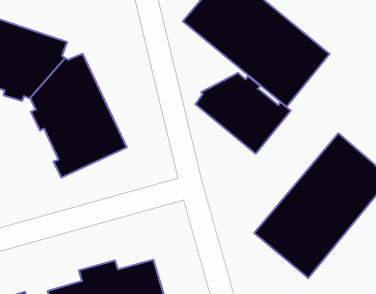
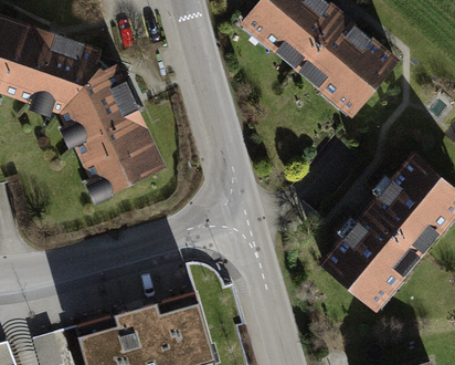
building: [195,73,291,154] -> none

